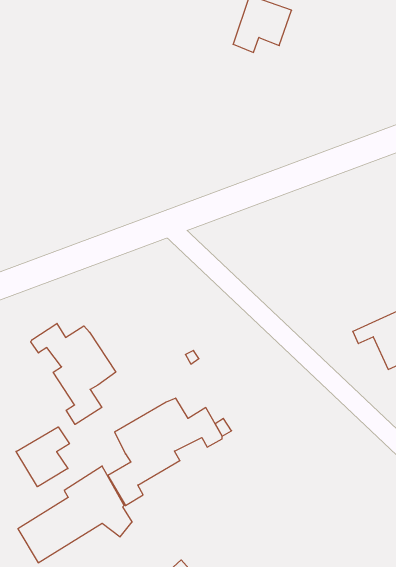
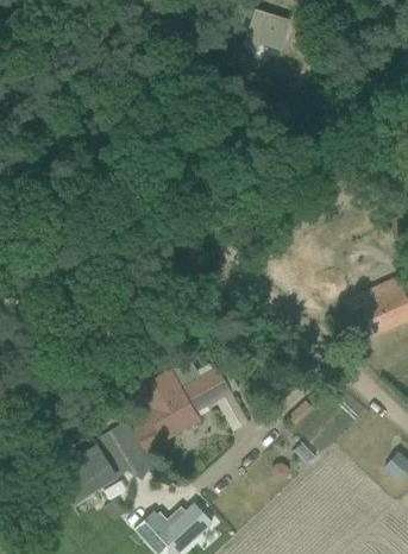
building: [31,323,116,424] -> none
building: [16,427,69,487] -> none

